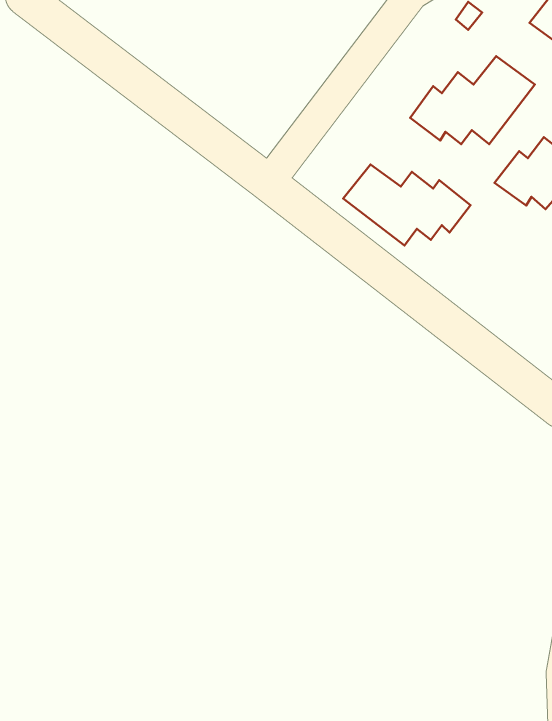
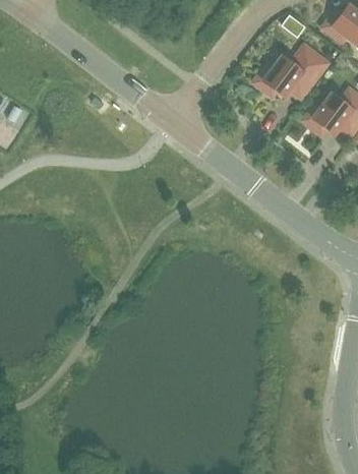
building: [343,165,470,245] -> none

